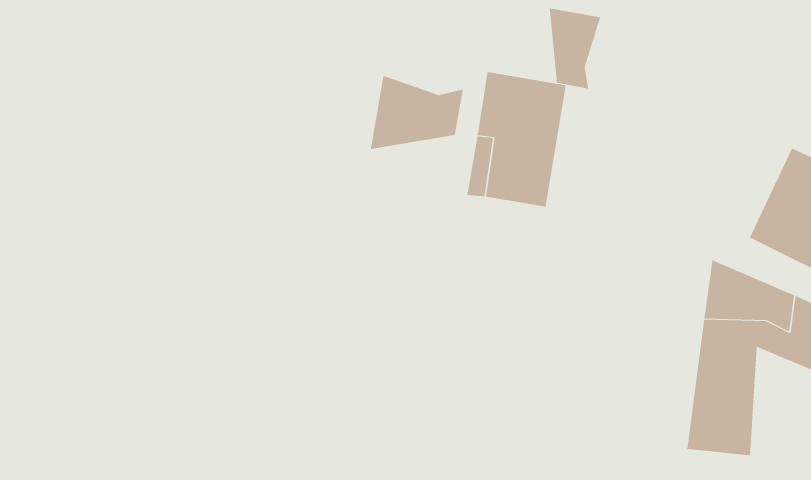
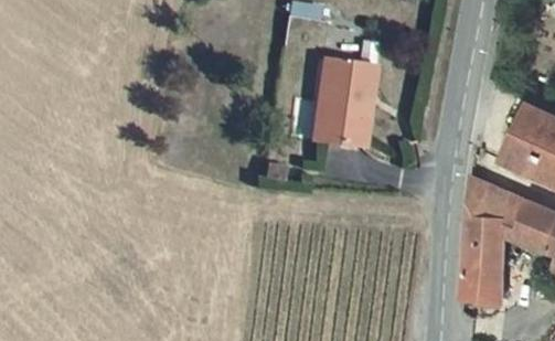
building: [549,7,601,89] -> none
building: [370,75,464,150] -> none

